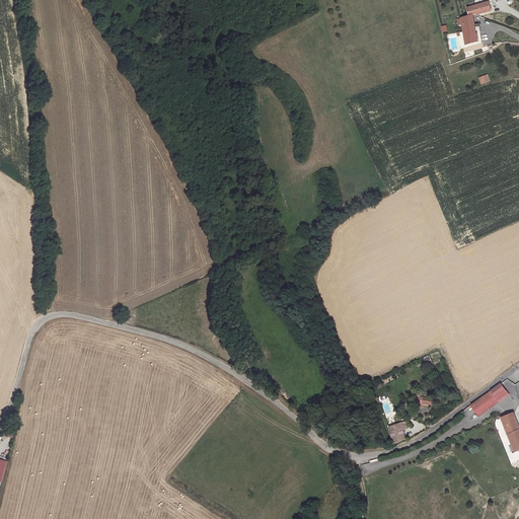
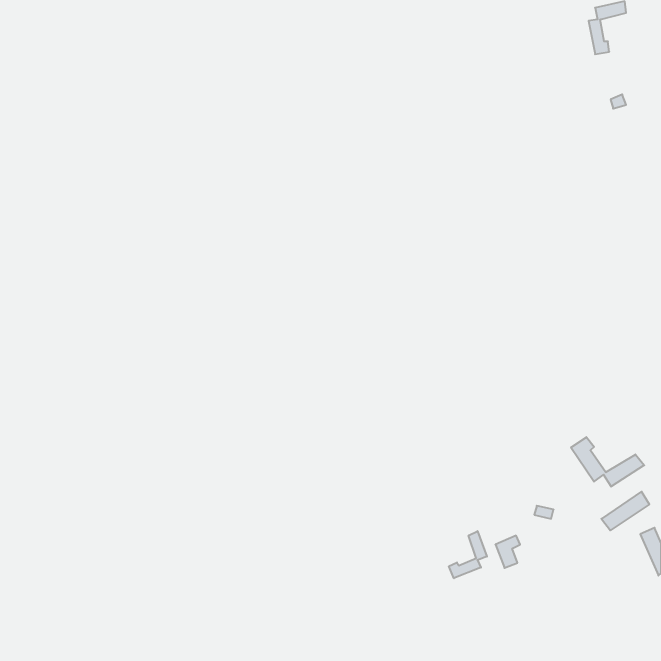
building: none -> [571,437,644,487]
building: none -> [449,531,487,578]

